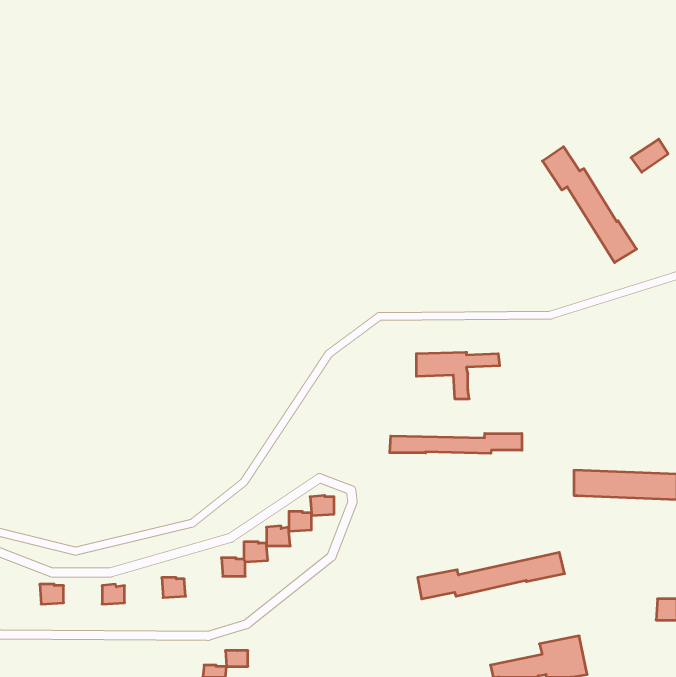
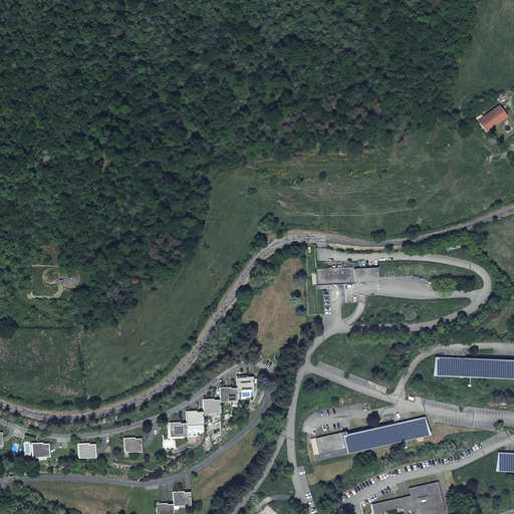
building: [542,147,637,263] -> none
building: [390,433,522,453] -> none

